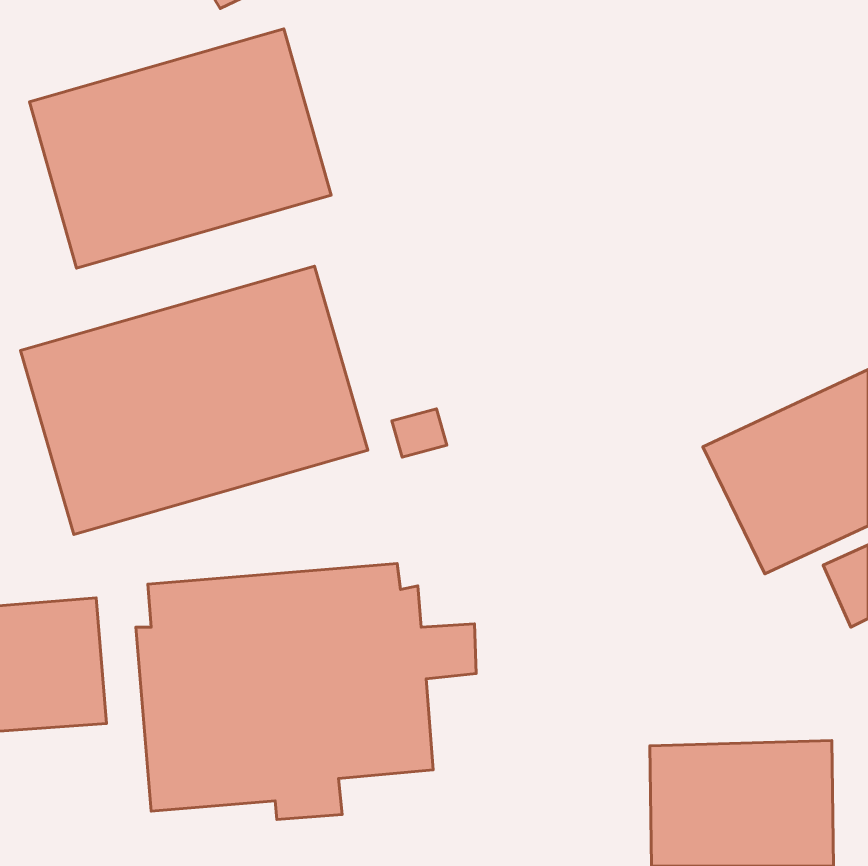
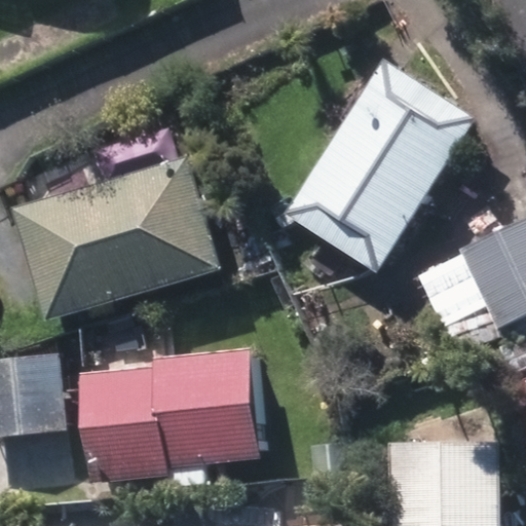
building: [29,29,331,268] -> none
building: none -> [285,63,472,272]

